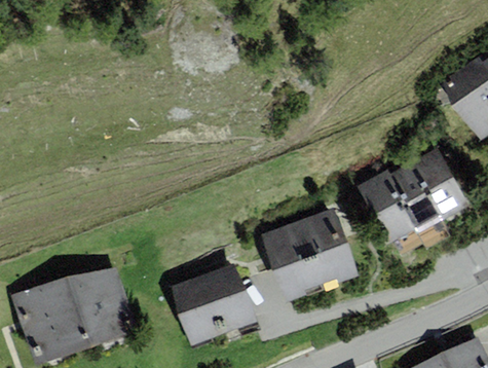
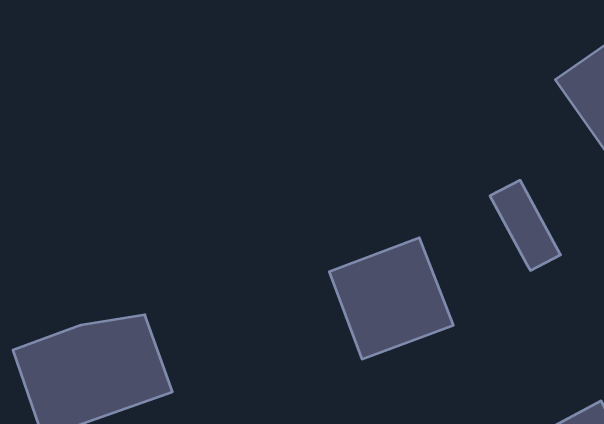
building: [412,149,468,221] -> none
building: [359,171,417,244] -> none
building: [171,264,257,345] -> none

